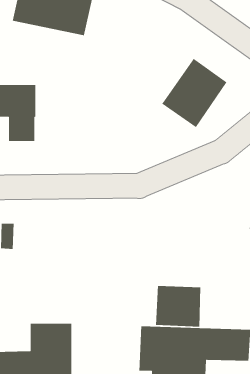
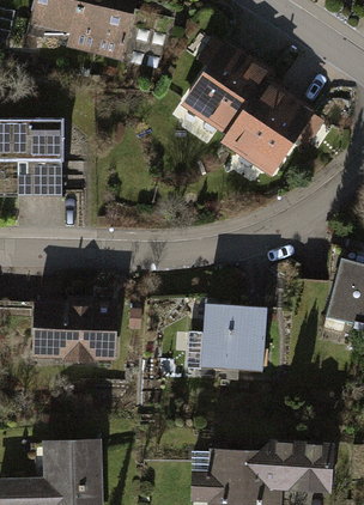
building: none -> [180,44,271,140]
building: none -> [34,299,119,360]
building: [155,285,201,327] -> [206,305,267,361]

